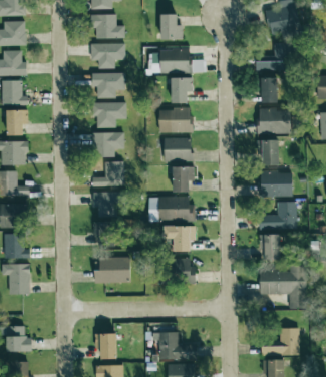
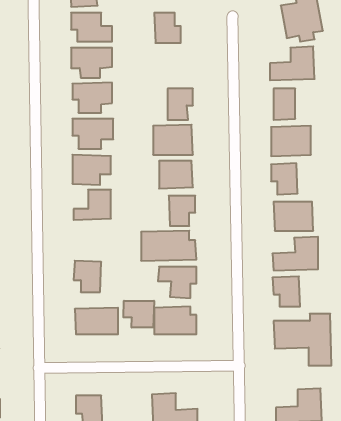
building: [152,49,205,72] -> none
building: [93,192,122,215] -> none
building: none -> [123,301,154,328]

